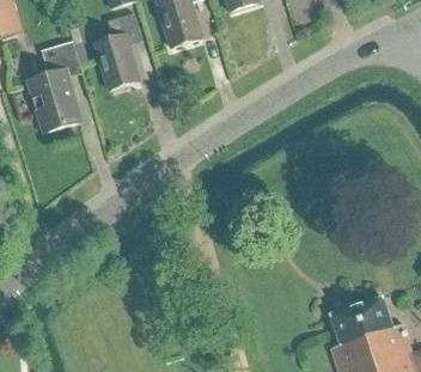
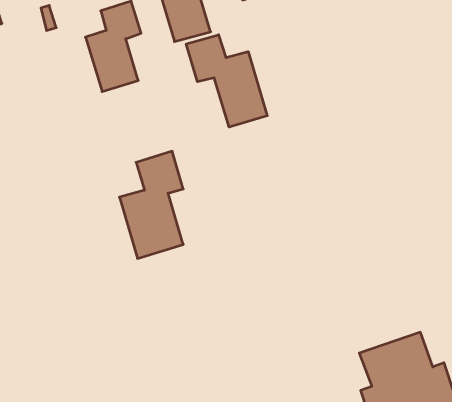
building: [26,41,81,133] -> [119,151,183,258]
building: none -> [186,35,267,127]

